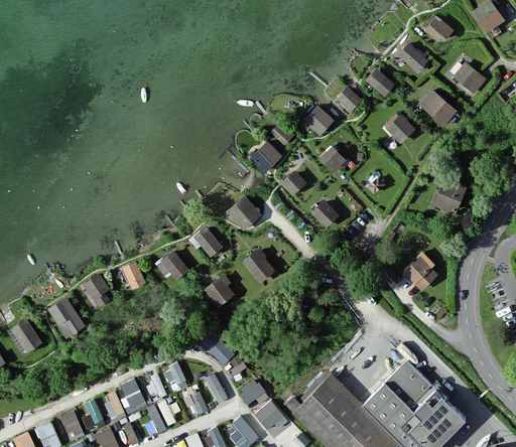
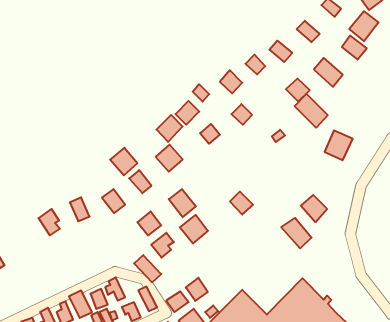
building: none -> [349,11,379,41]
building: none -> [295,94,328,128]
building: none -> [156,115,183,142]
building: none -> [110,148,137,175]
building: [310,201,339,230] -> [230,192,253,215]
building: none -> [180,215,208,243]
building: none -> [281,218,312,248]
building: [47,299,84,334] -> none
building: none -> [151,233,174,258]
building: none -> [186,278,208,301]

